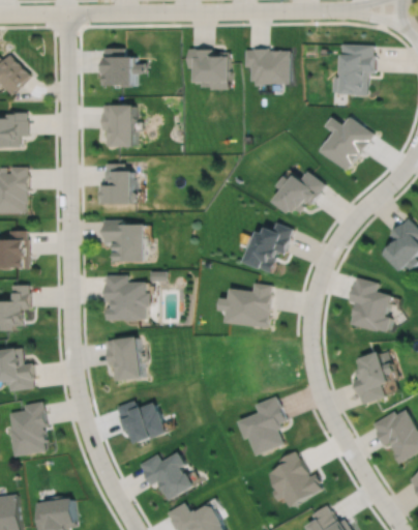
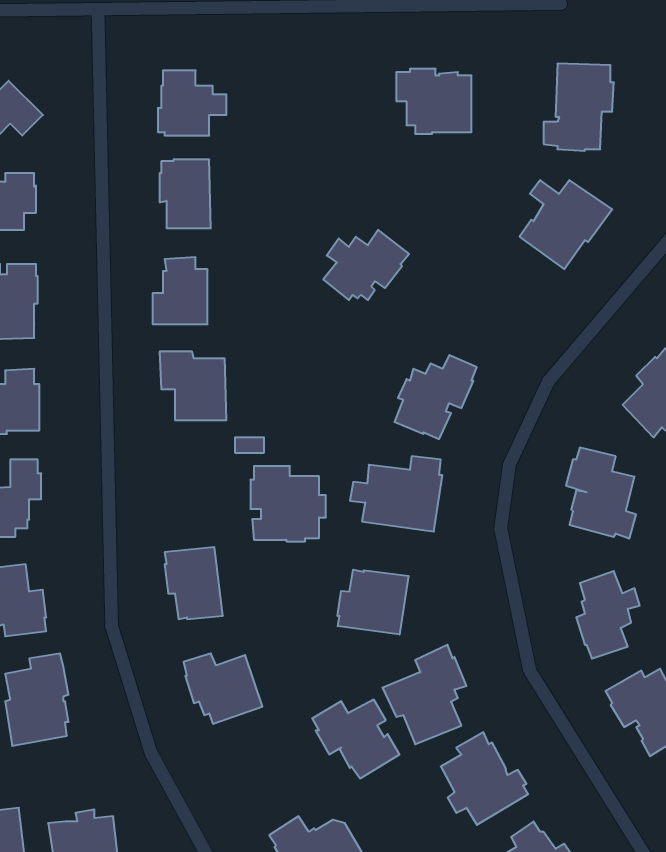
building: [188,51,230,92] -> none
building: [274,170,326,212] -> [323,230,409,300]
building: [103,275,149,321] -> [250,466,326,541]
building: none -> [337,570,409,635]
building: [140,453,192,501] -> [312,700,400,778]

